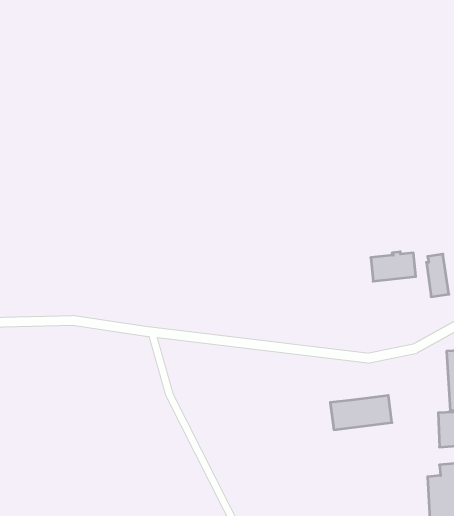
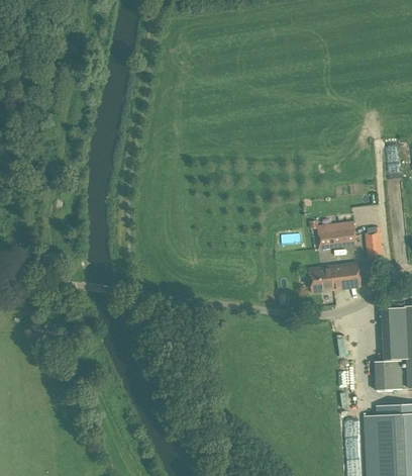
building: [330,395,392,430] -> [308,263,360,292]

